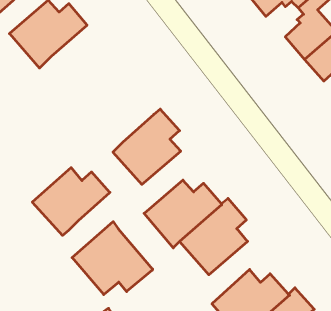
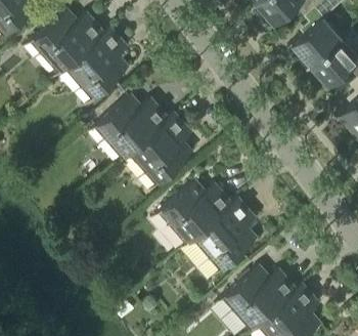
building: none -> [65,27,129,99]
building: [32,168,110,235] -> [94,94,168,159]
building: [72,222,153,295] -> none

